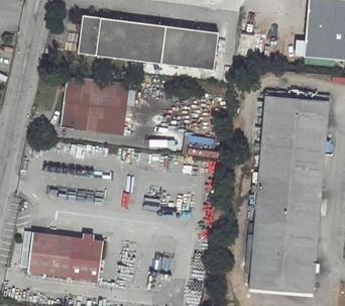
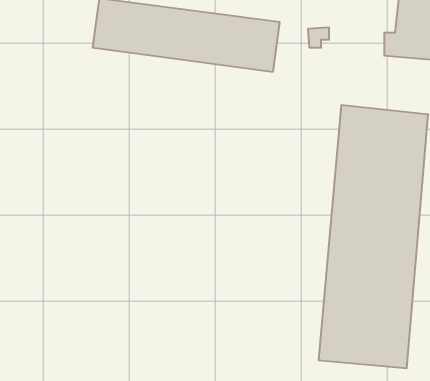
building: [60,76,130,135] -> none
building: [25,232,100,281] -> none

